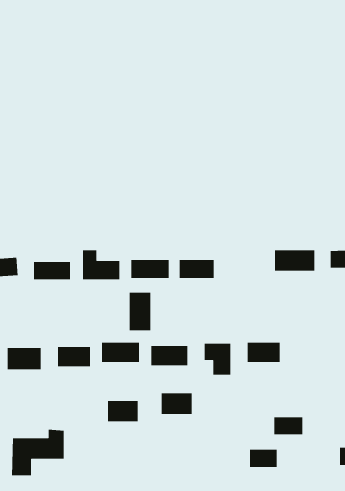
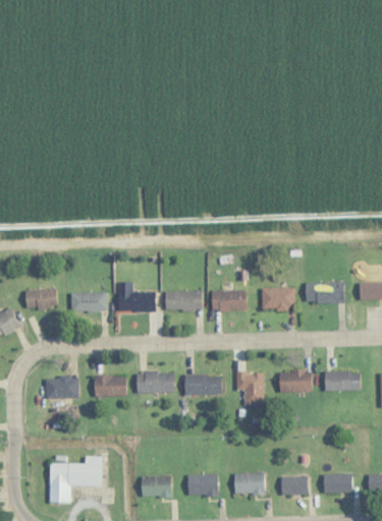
building: none -> [261,288,293,309]
building: [129,292,151,331] -> none
building: none -> [324,371,361,391]
building: [161,393,192,415] -> [187,473,218,495]
building: [107,400,139,422] -> [141,475,171,497]
building: [274,416,303,435] -> [324,473,352,491]
building: none -> [234,472,264,494]

